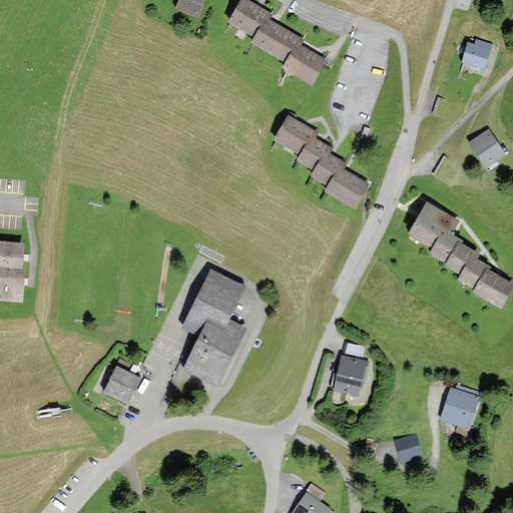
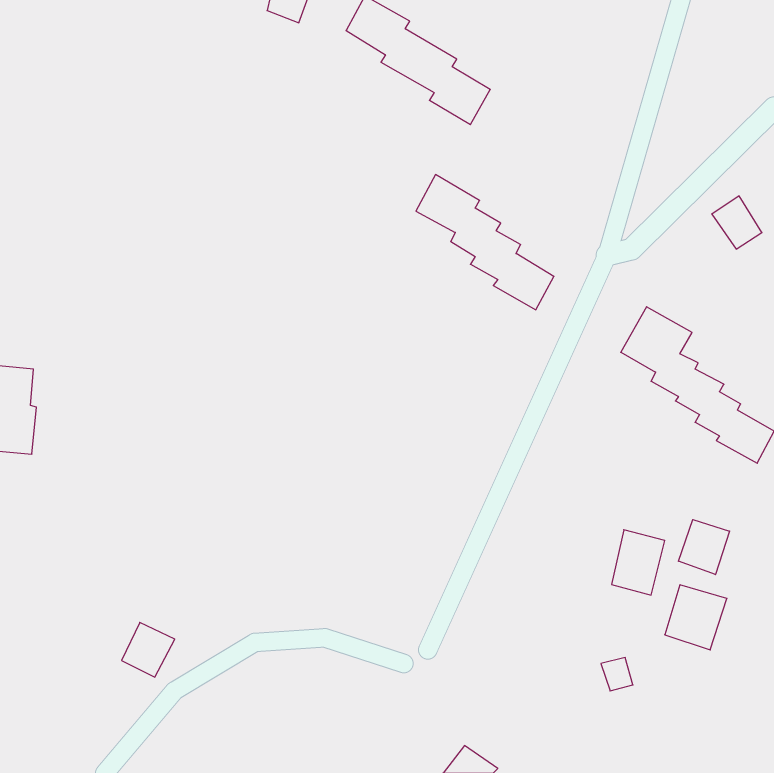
building: [461,38,491,67] -> none
building: [180,271,245,388] -> none
building: none -> [678,520,730,575]
building: [333,353,368,396] -> [612,530,665,595]
building: [104,366,139,402] -> [122,622,175,677]

